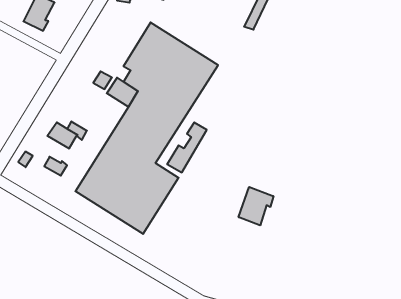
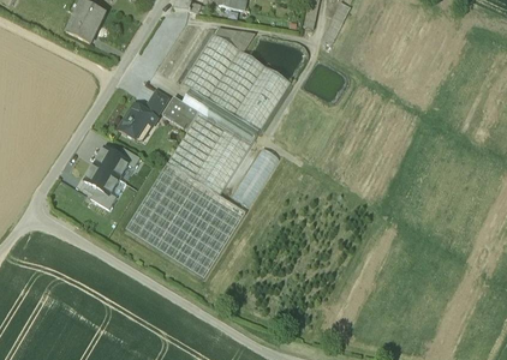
building: none -> [117,103,156,137]
building: none -> [84,163,119,194]
building: [239,187,273,225] -> none

